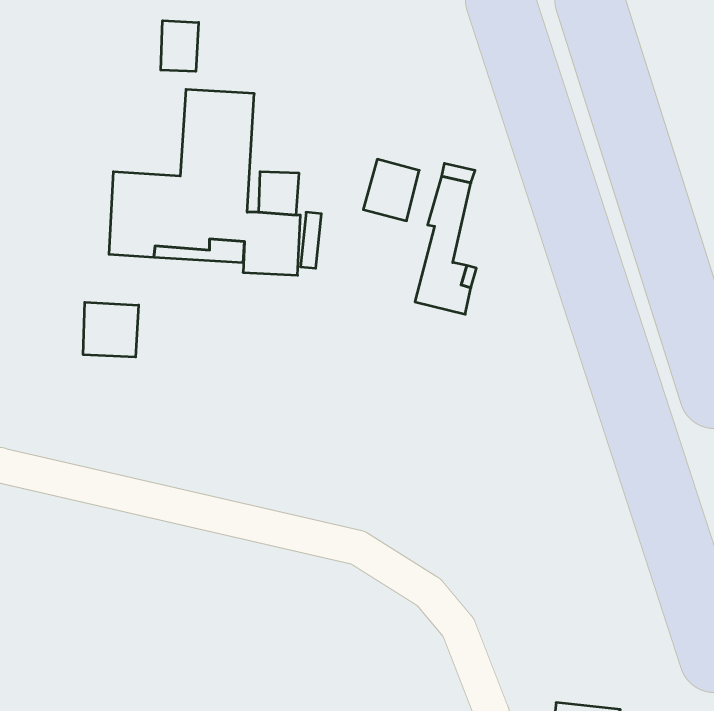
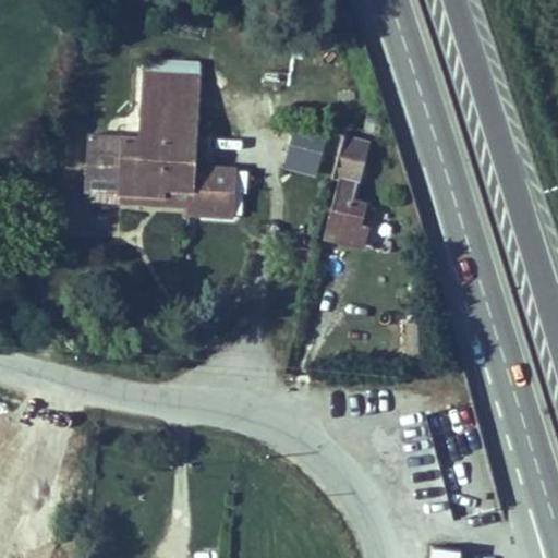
building: [161,21,199,71] -> none
building: [83,302,139,357] -> none

